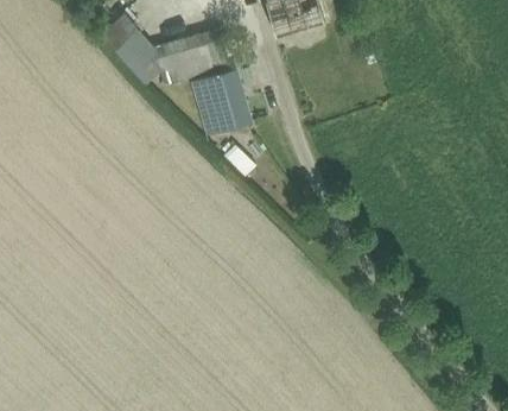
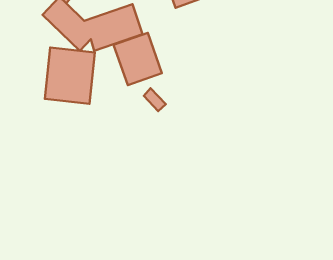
building: none -> [45,48,95,104]

